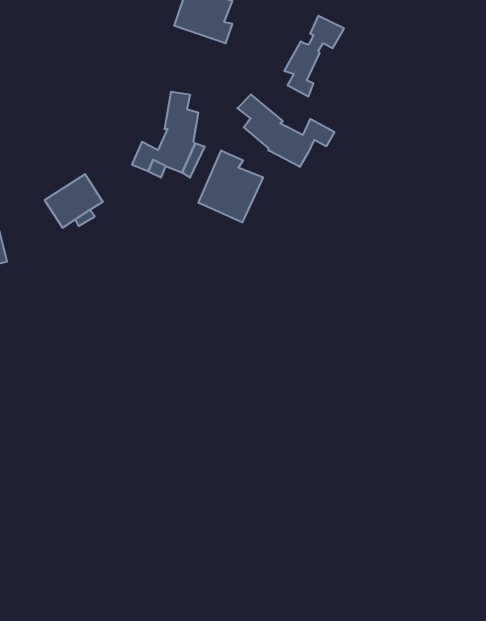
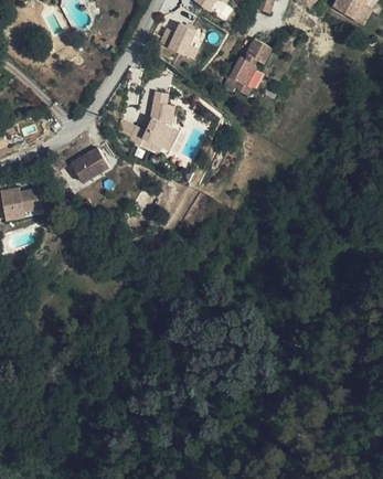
building: [237,94,334,167] -> none
building: [198,150,263,222] -> none

